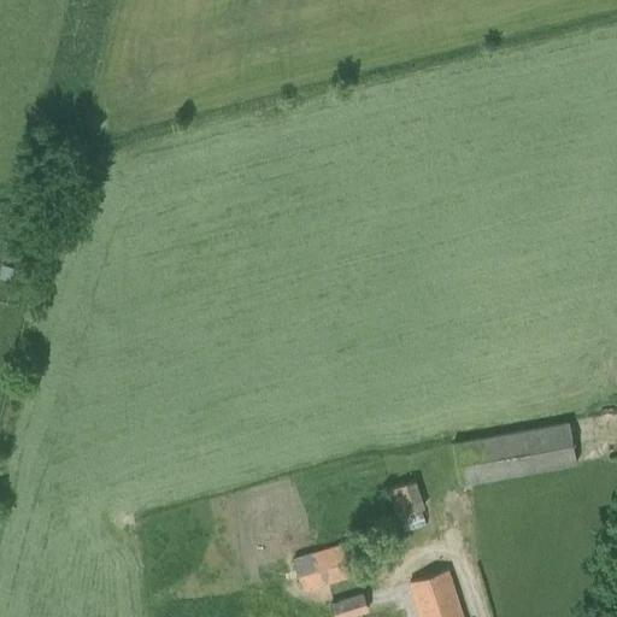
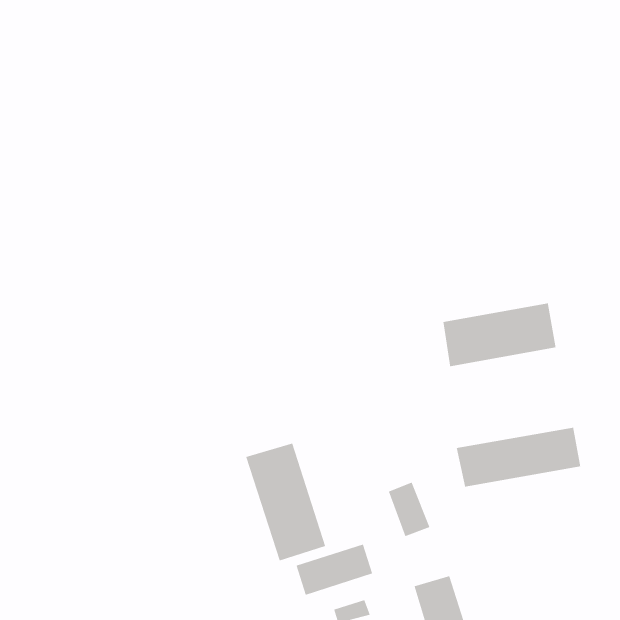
building: none -> [443,303,556,367]
building: none -> [245,442,326,561]

